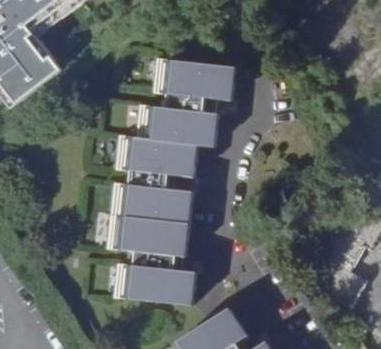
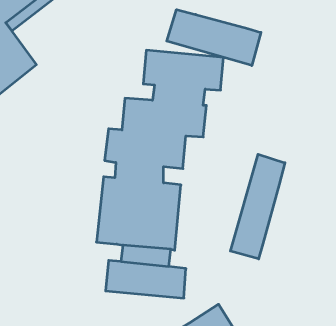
building: none -> [167,10,261,66]
building: none -> [230,154,285,259]

